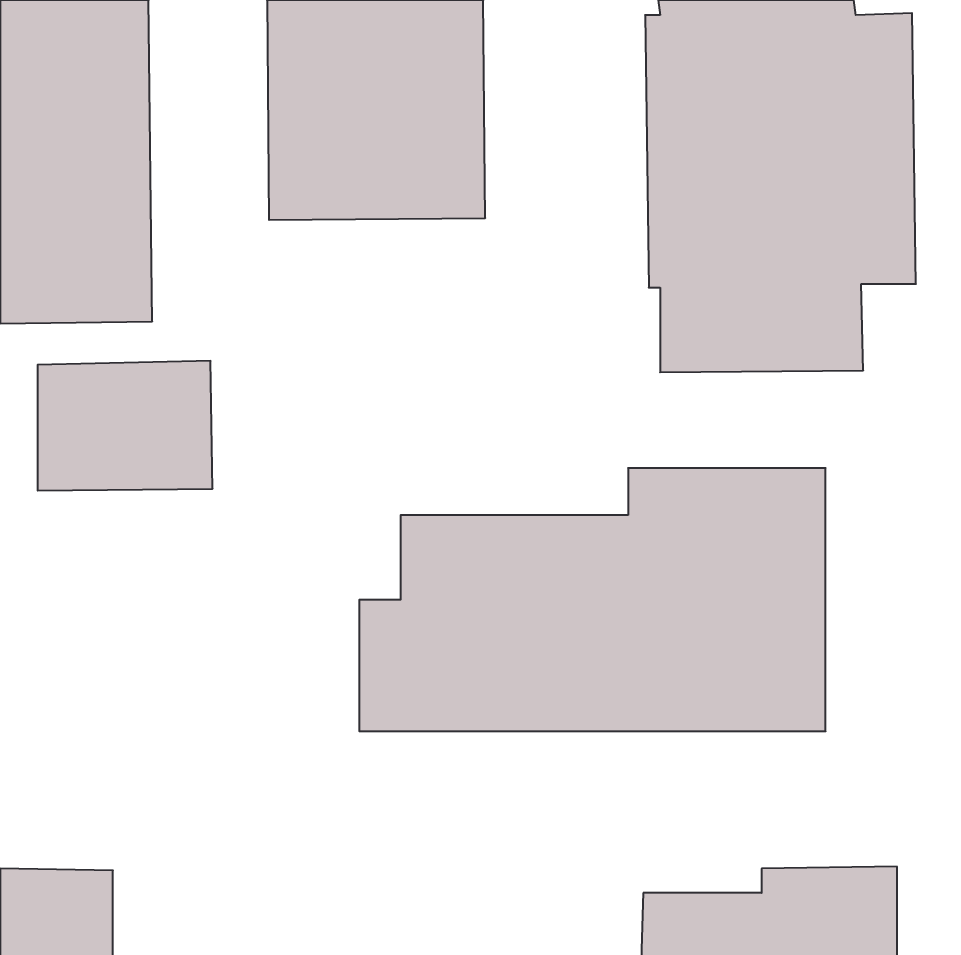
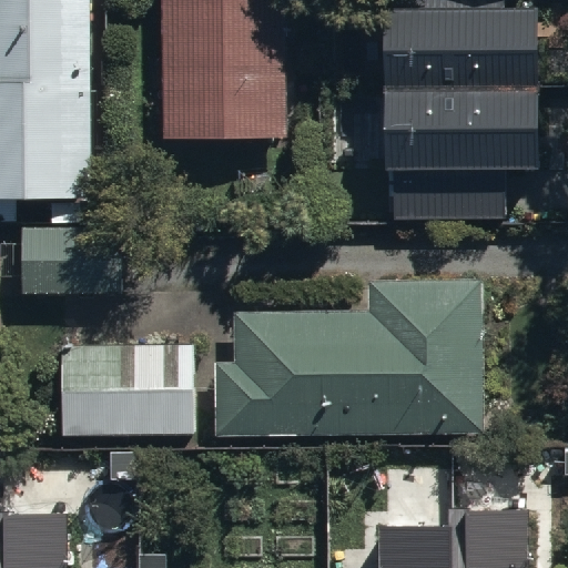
building: none -> [61,339,193,436]

